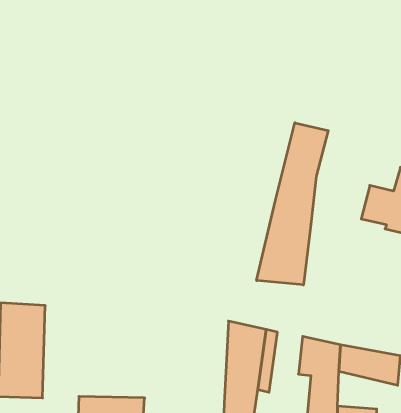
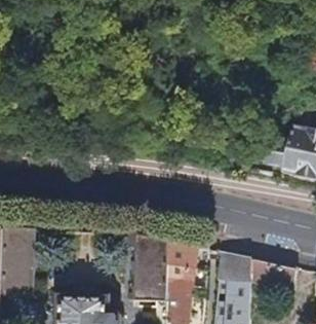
building: [257,123,328,285] -> none
building: none -> [132,233,168,300]

